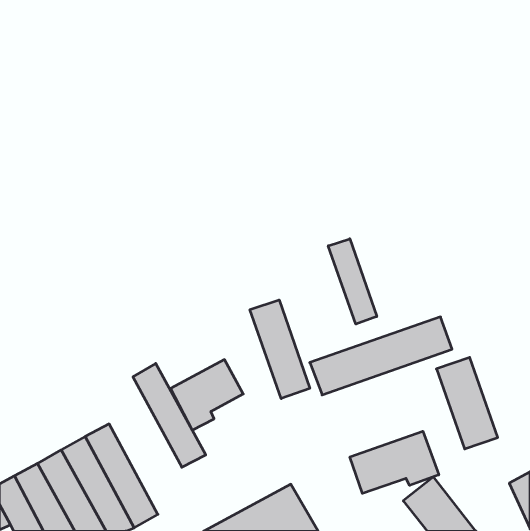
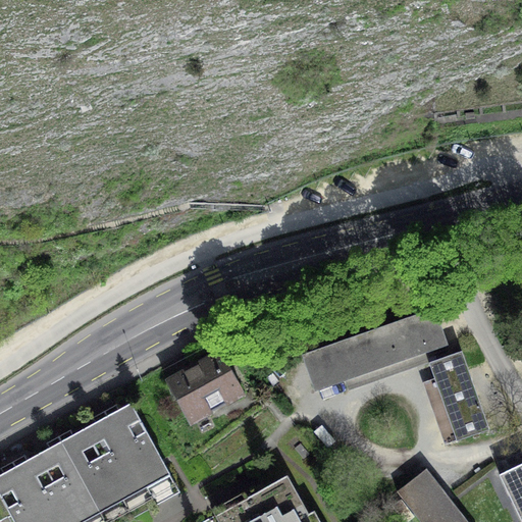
building: [328,239,377,324] -> none
building: [250,300,310,399] -> none
building: [133,363,206,467] -> [107,403,178,505]
building: [350,431,439,493] -> none

